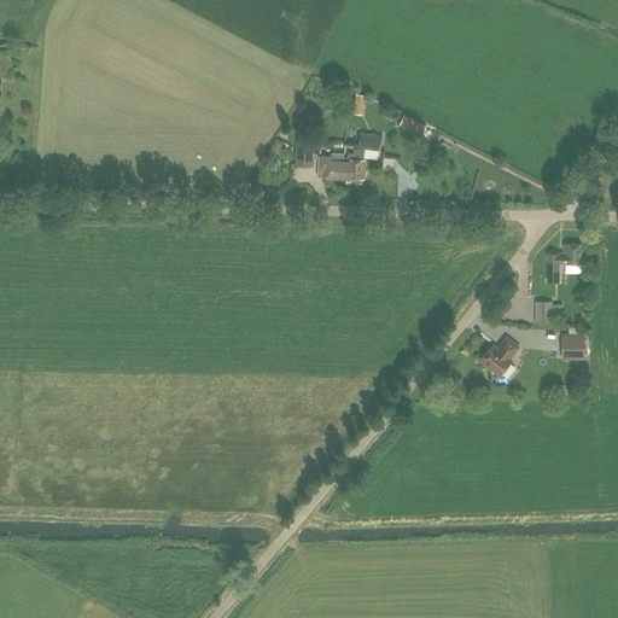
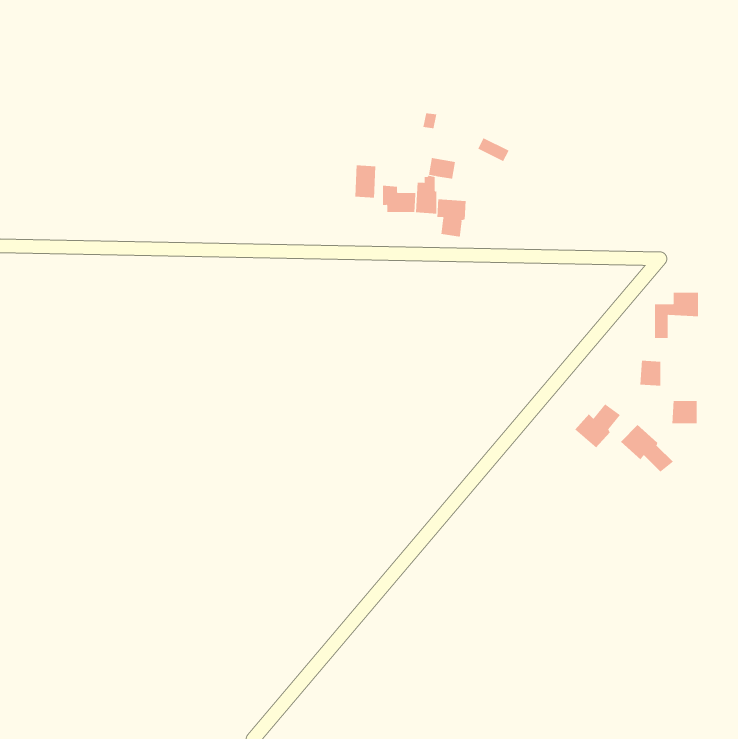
building: none -> [437,198,466,237]
building: none -> [620,424,674,473]

